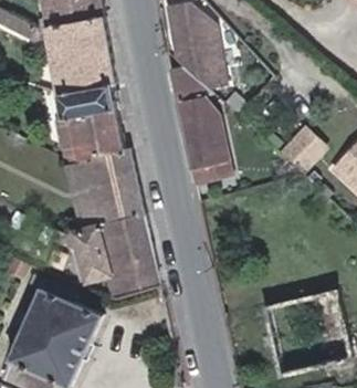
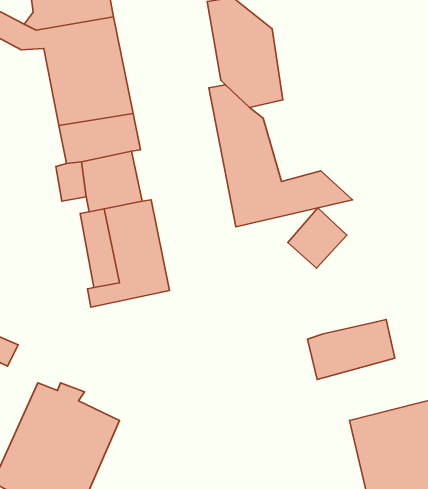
building: [276,125,319,169] -> [288,208,347,268]
building: [59,218,156,289] -> none
building: none -> [308,319,395,379]

